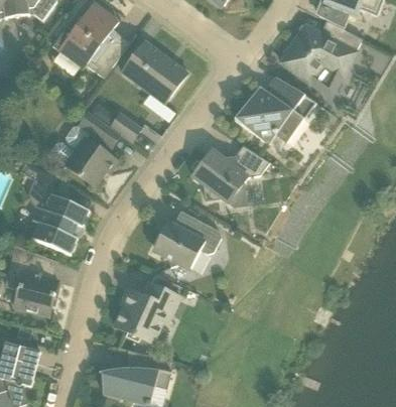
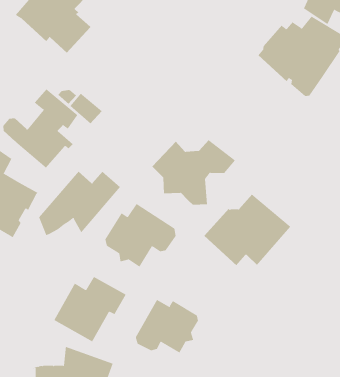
building: [121,39,187,103] -> none
building: [234,76,314,144] -> [203,194,291,266]
building: none -> [39,171,121,237]
building: none -> [135,299,198,353]

